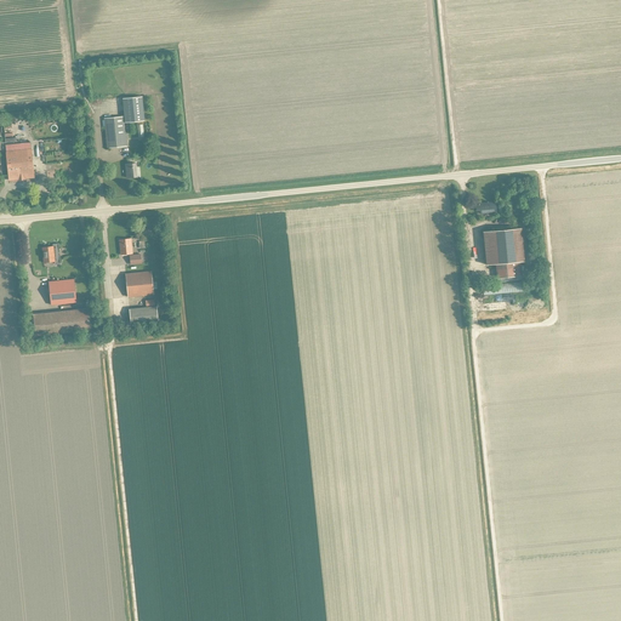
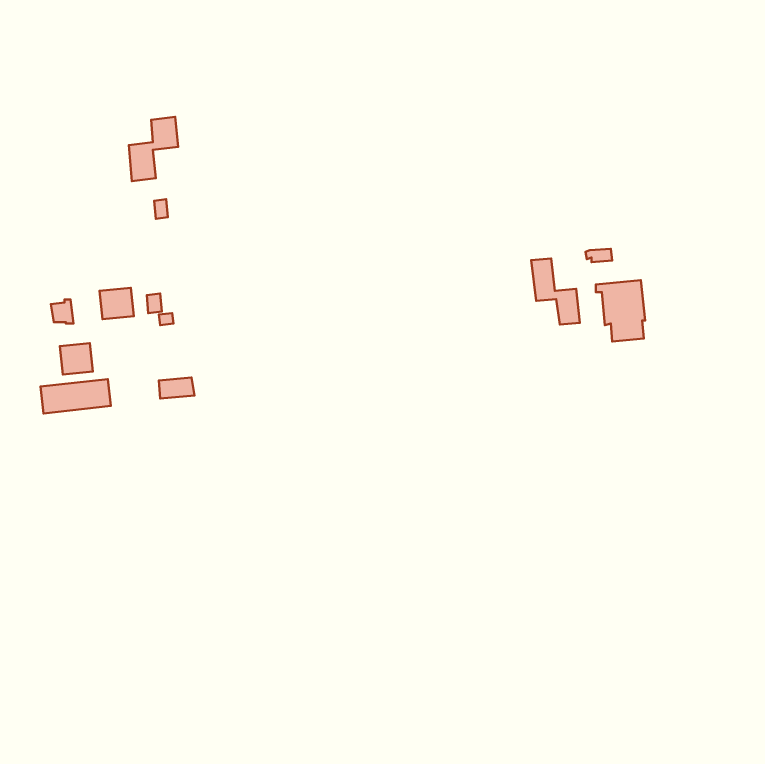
building: [5,144,33,180] -> none
building: none -> [531,258,580,325]
building: [125,270,153,296] -> [99,288,134,319]

